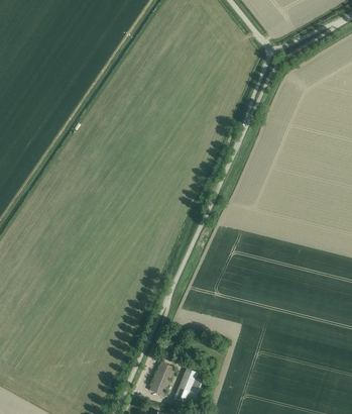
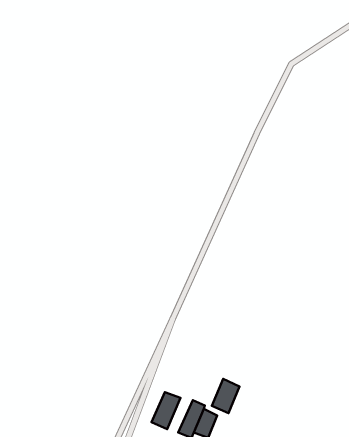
building: none -> [212,379,239,413]

